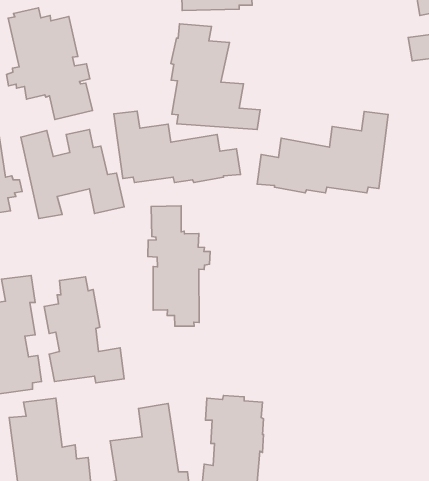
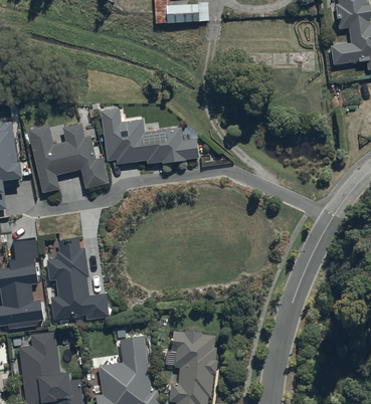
building: [7,8,93,120] -> none
building: [171,24,260,130] -> none
building: [257,112,388,193] -> none
building: [148,206,210,326] -> none

